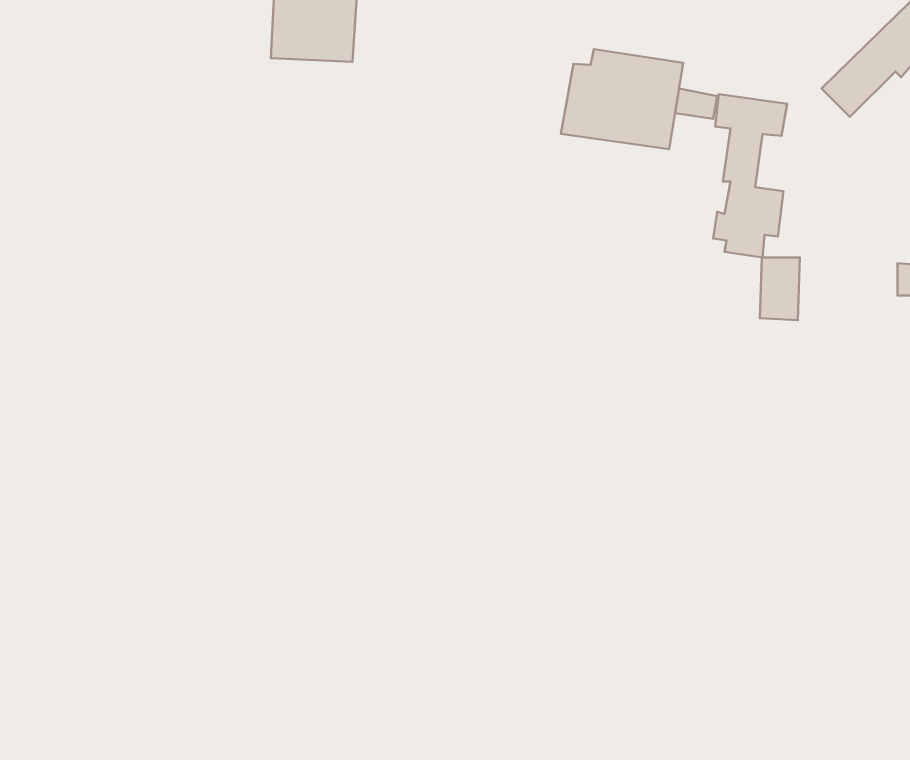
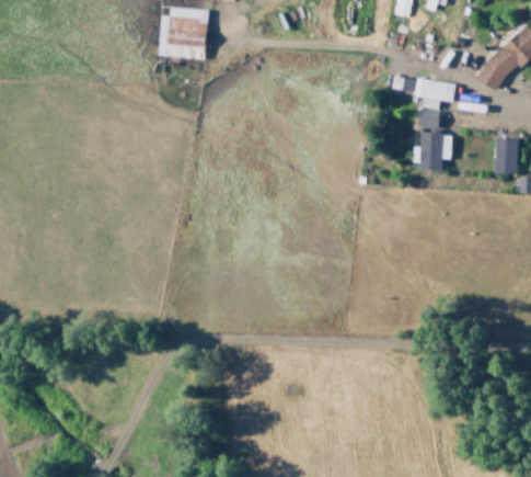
building: [561,49,683,149] -> none
building: [760,258,800,320] -> [495,138,518,174]

